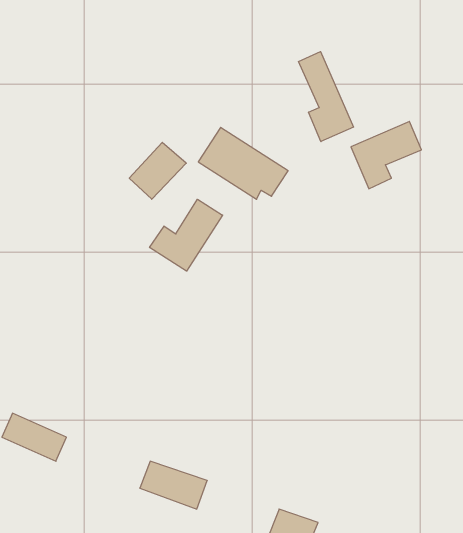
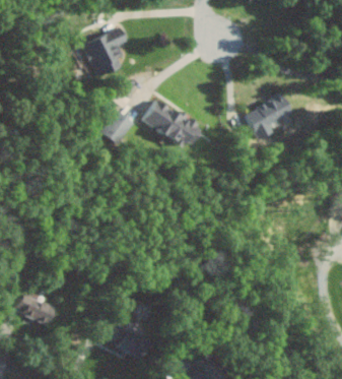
building: none -> [82,27,128,78]
building: [299,52,354,142] -> none
building: [150,199,223,271] -> none

